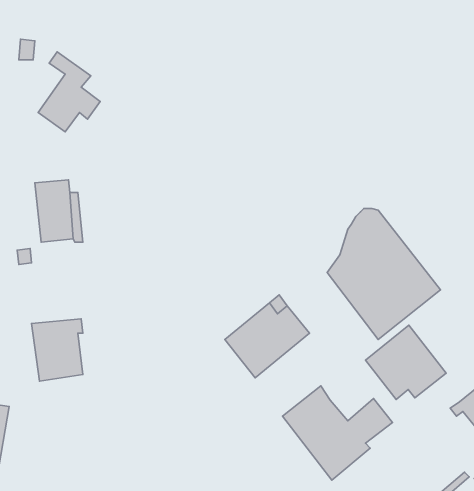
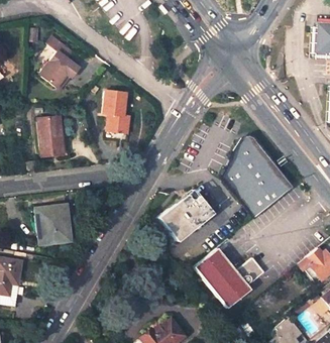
building: none -> [104,91,130,133]
building: [365,325,446,400] -> none

